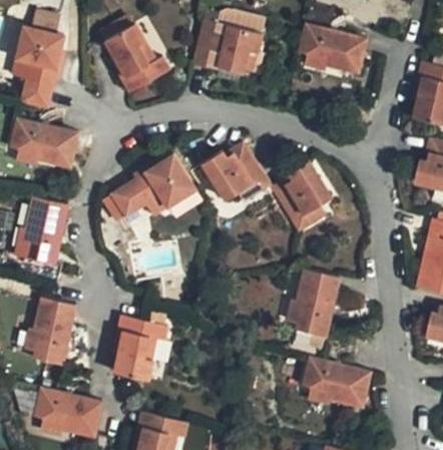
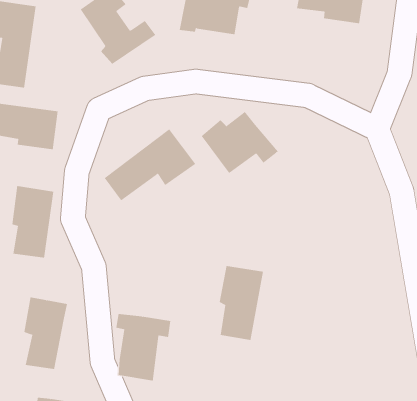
building: [274,160,333,233] -> none
building: [298,268,342,338] -> [219,266,264,341]
building: [305,359,372,406] -> none

